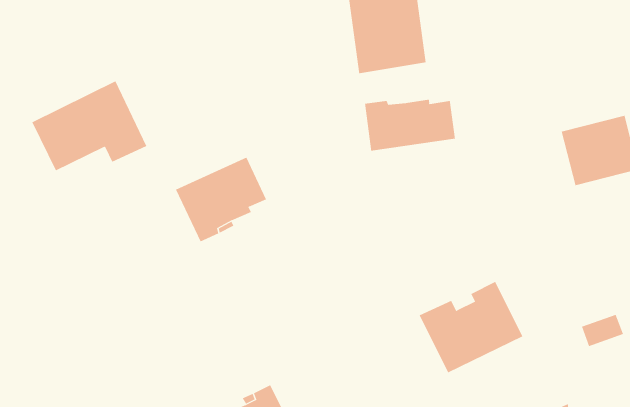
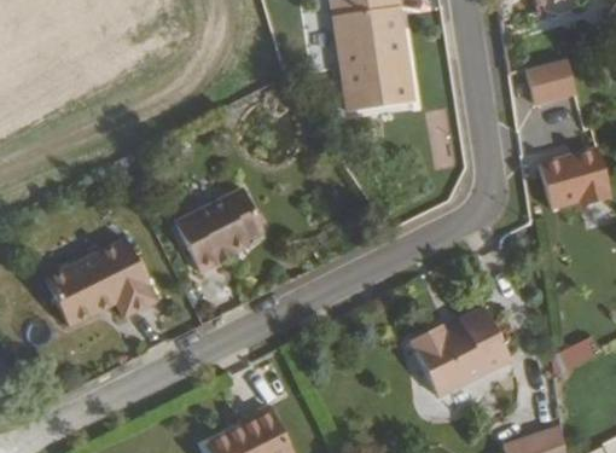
building: none -> [529,62,581,108]
building: [32,81,147,171] -> [42,236,153,323]
building: [364,99,456,152] -> none

